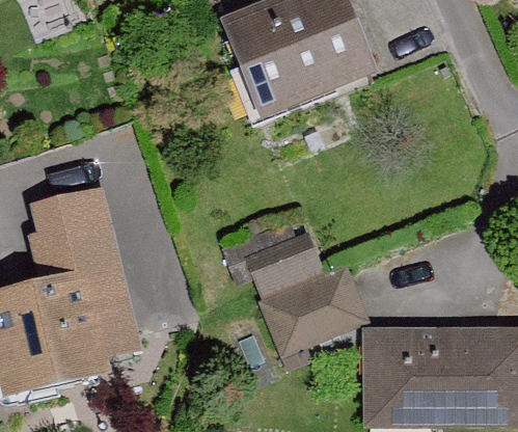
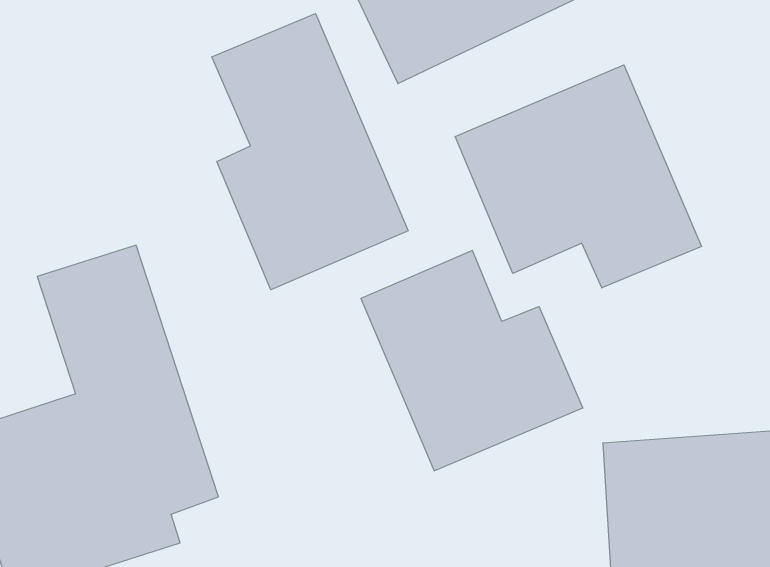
building: none -> [212,14,408,290]
building: none -> [455,65,701,288]

